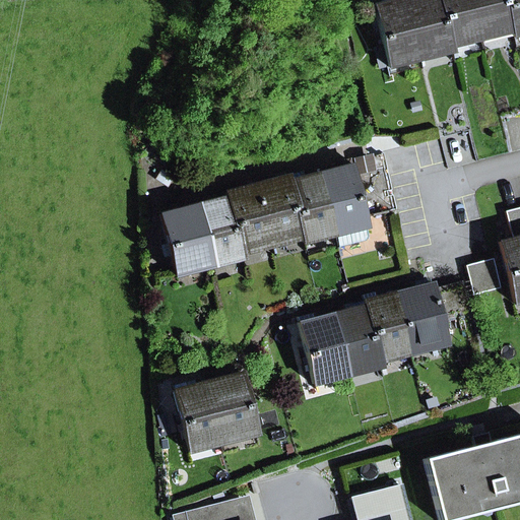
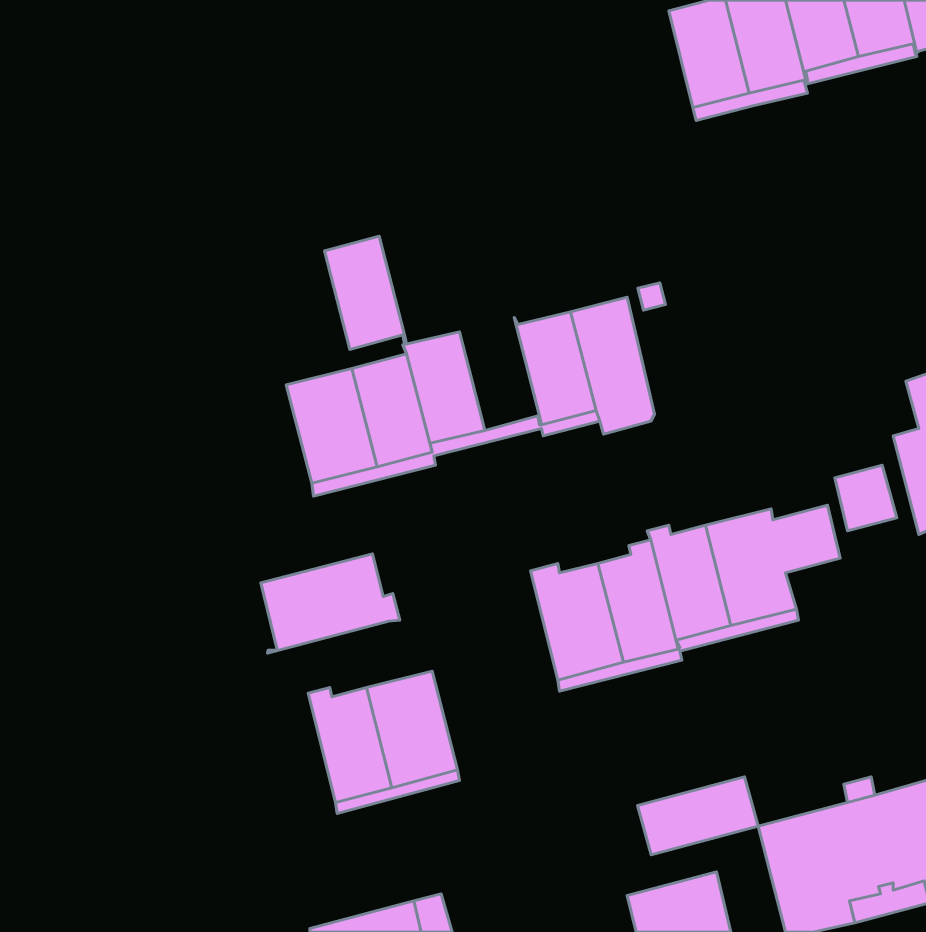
building: [259,177,305,240] -> [324,236,406,349]
building: none -> [261,554,400,653]
building: none -> [637,777,758,855]

